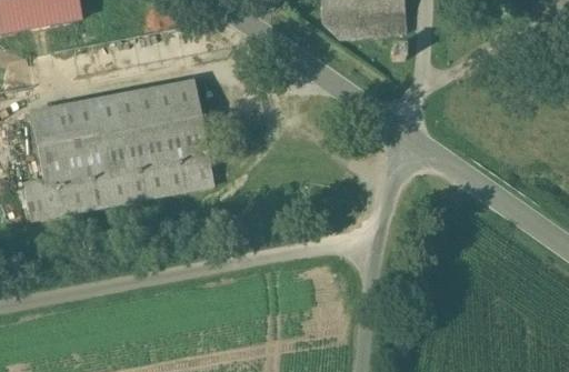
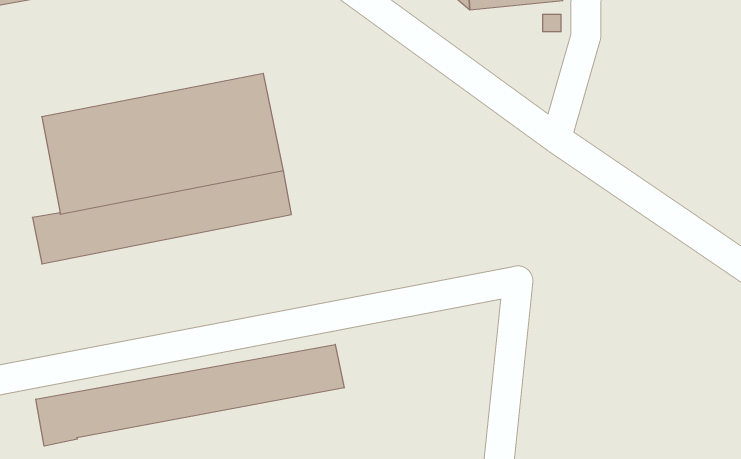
building: none -> [36,344,344,446]

